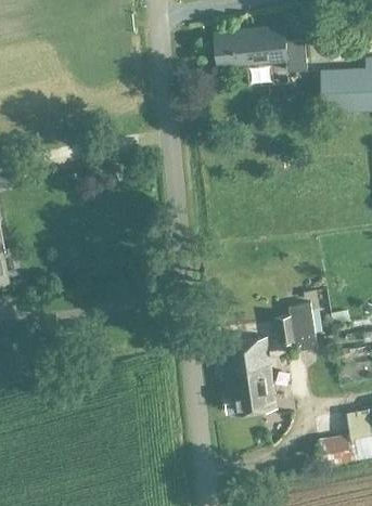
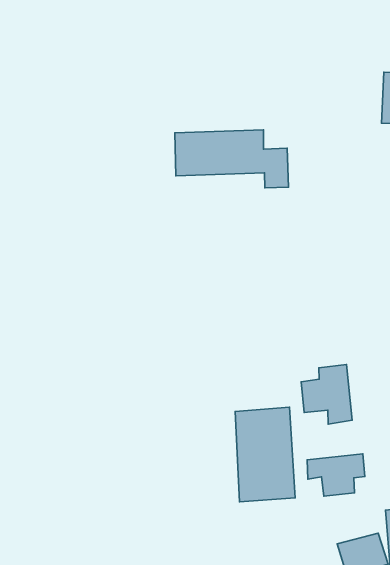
building: [215,26,307,72] -> [175,130,288,188]
building: none -> [307,454,365,496]

